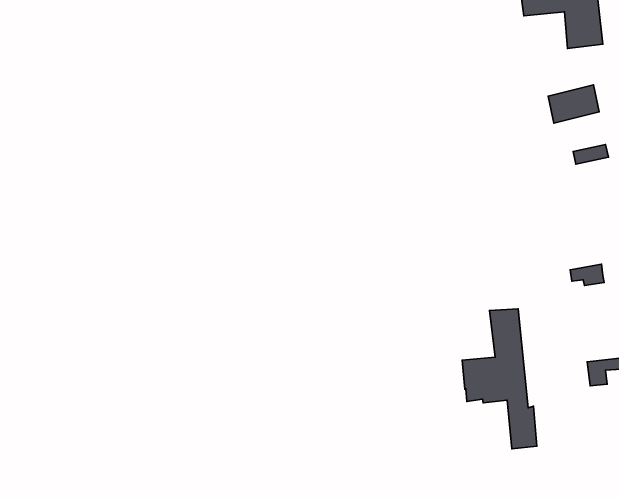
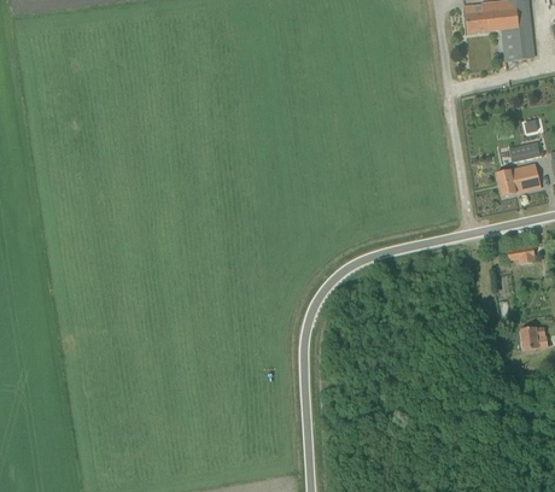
building: [548,85,599,123] -> [497,164,541,197]
building: [462,309,537,449] -> none

